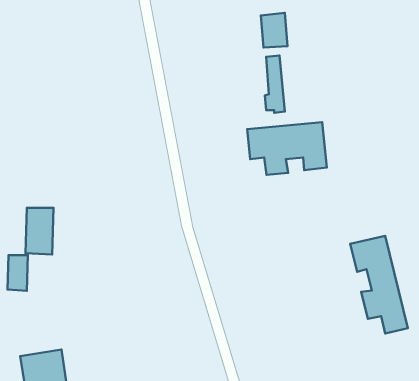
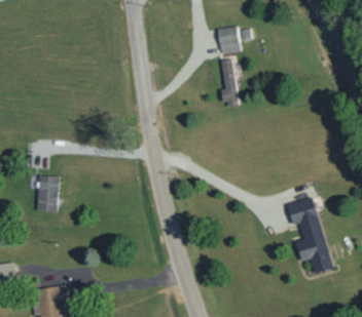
building: [247,122,327,175] -> none
building: [8,255,28,291] -> none

